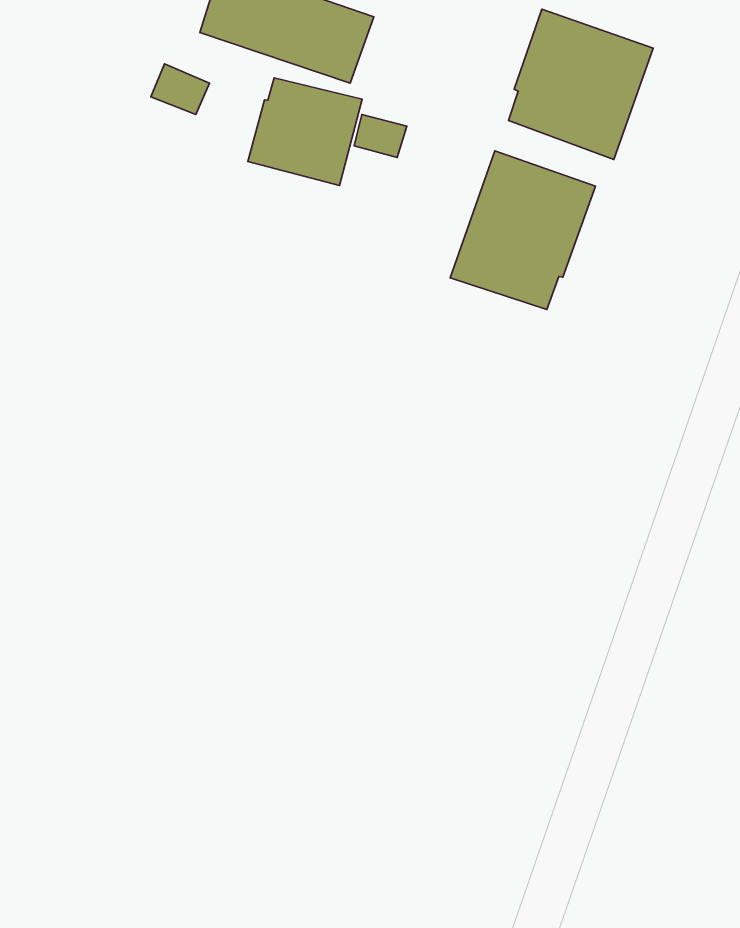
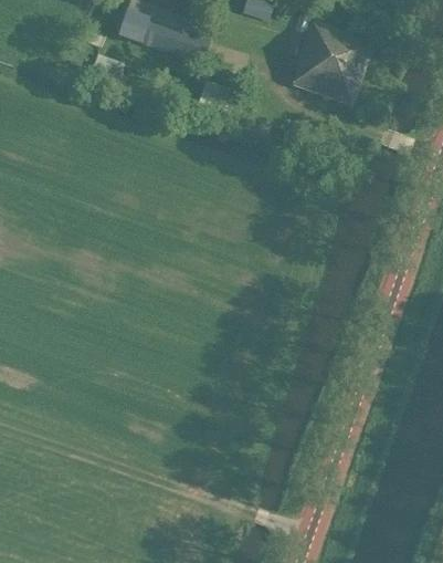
building: [248,78,362,185] -> none
building: [450,151,595,310] -> none

